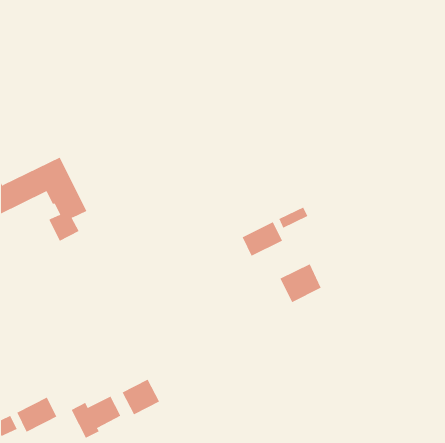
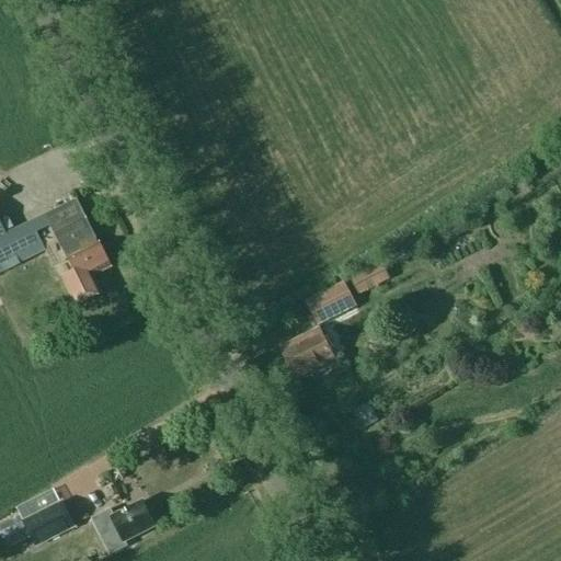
building: [280,264,321,303] -> [280,325,333,375]
building: [122,379,160,415] -> none

